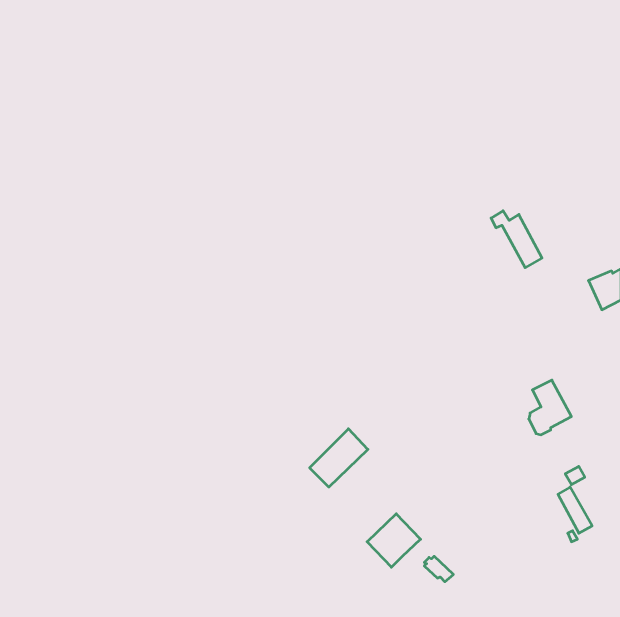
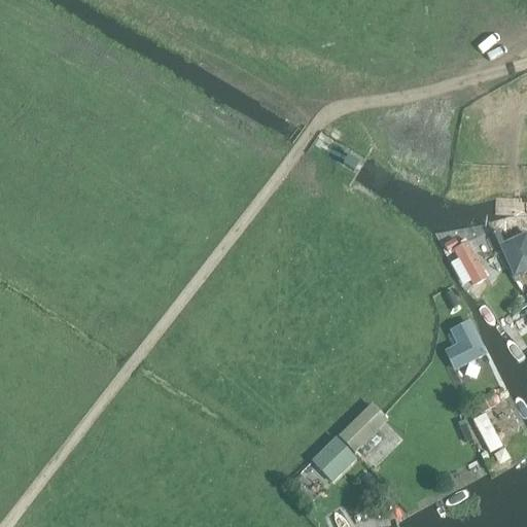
building: [491,211,542,268] -> [445,237,488,285]
building: [310,429,368,487] -> [339,401,388,451]

